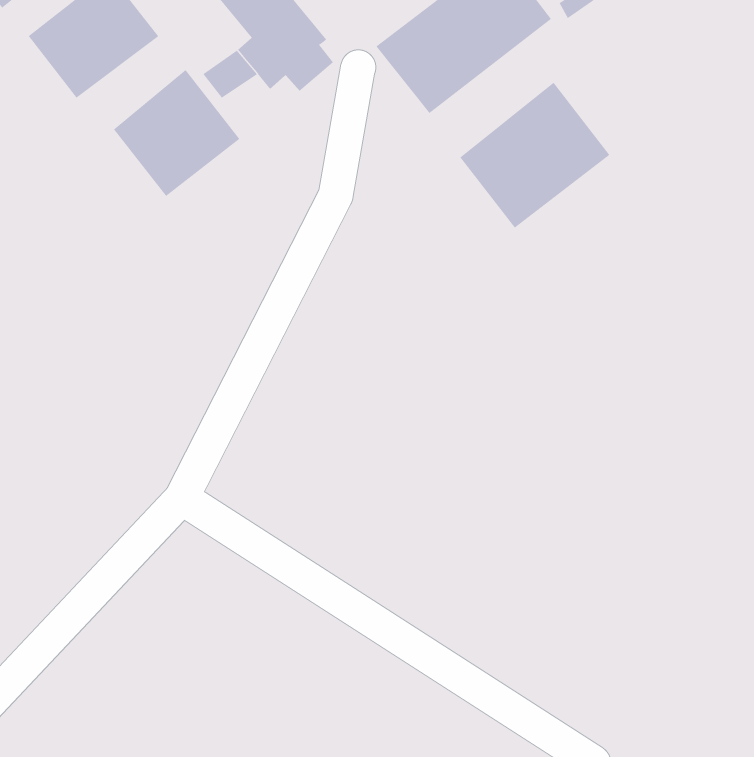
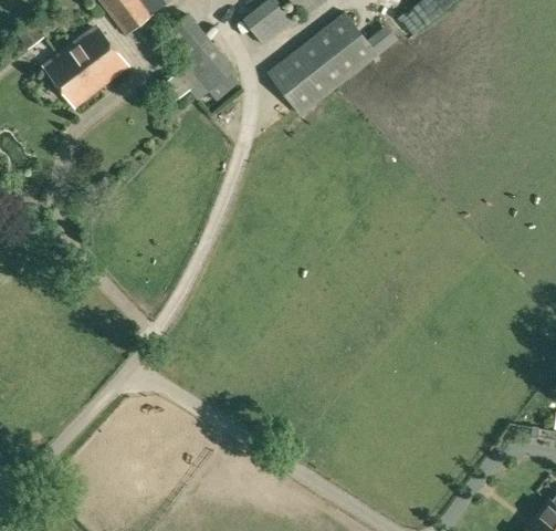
building: [113,69,240,197] -> none
building: [460,82,610,228] -> none

